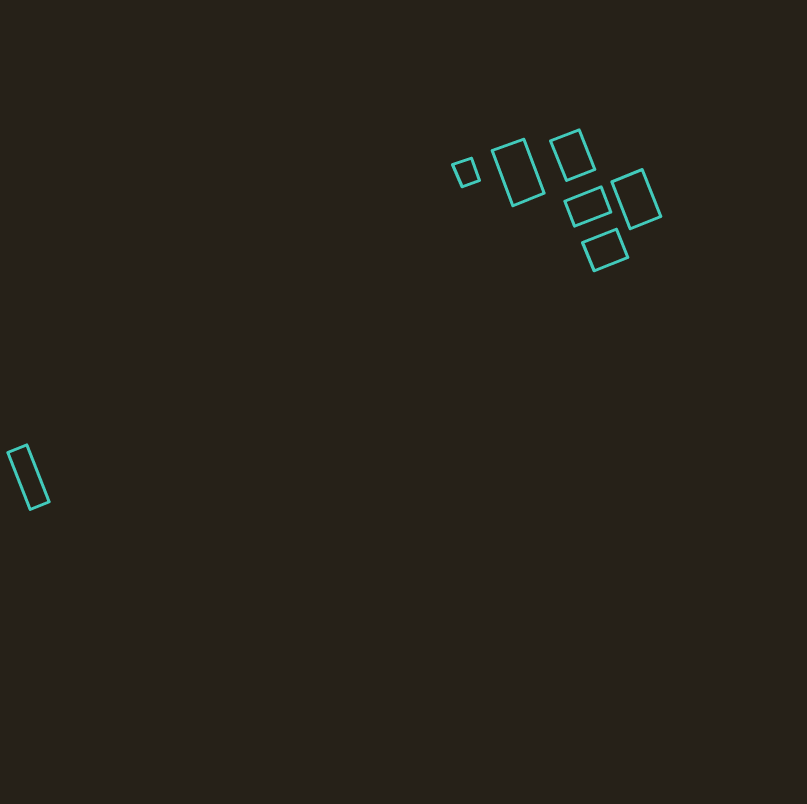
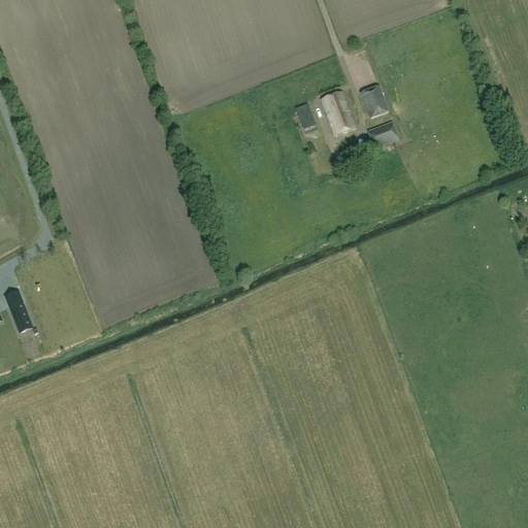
building: [612,169,661,229] -> none
building: [583,229,628,271] -> none

